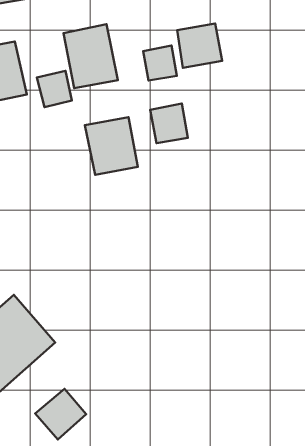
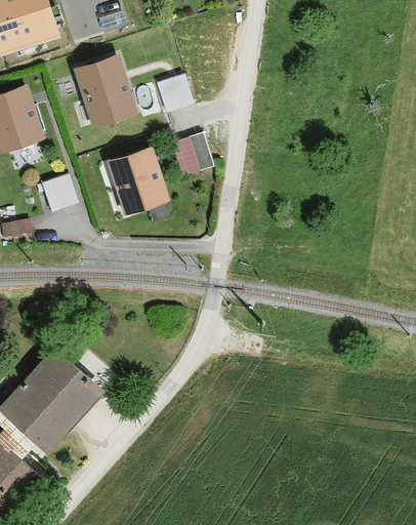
building: [177,24,222,68] -> none
building: [37,71,72,107] -> [42,171,81,211]
building: [35,389,86,439] -> none

